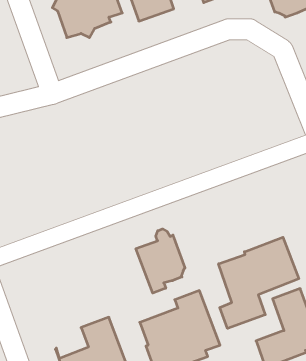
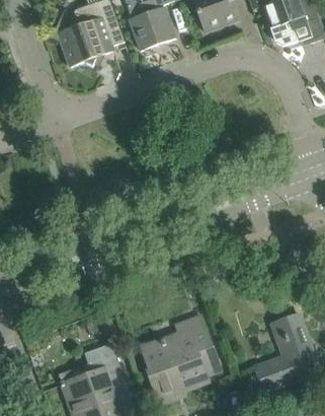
building: [136,229,185,293] -> none
building: [219,237,299,328] -> none

